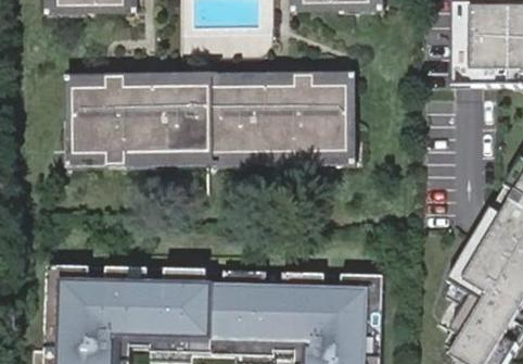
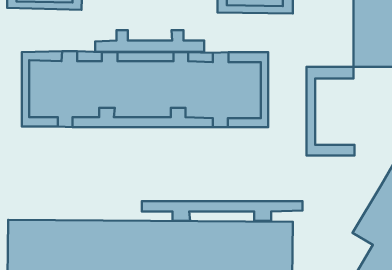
building: none -> [95,30,204,52]
building: none -> [306,67,355,156]
building: none -> [142,201,303,221]

